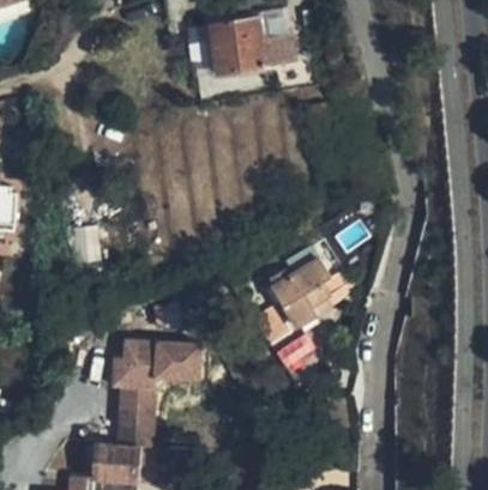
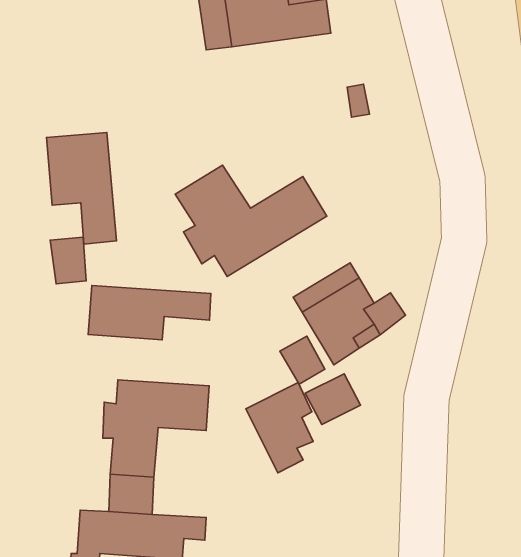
building: none -> [47,133,117,244]
building: none -> [175,165,327,277]
building: none -> [88,286,211,340]
building: none -> [246,382,313,473]

